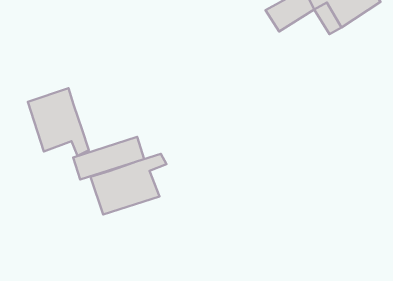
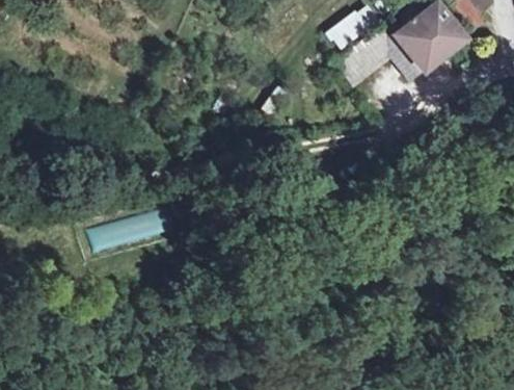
building: [28,88,89,156] -> none
building: [90,154,167,214] -> none

